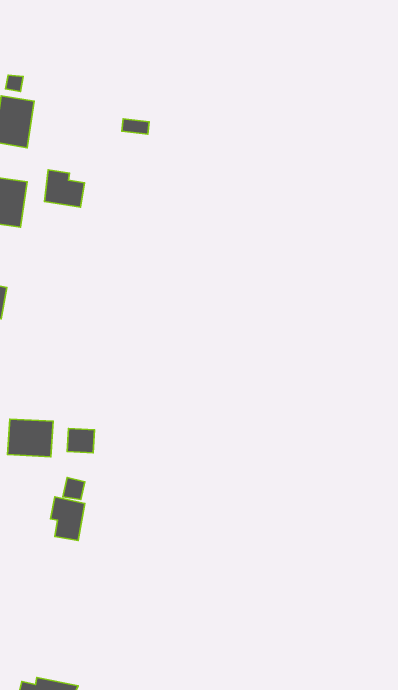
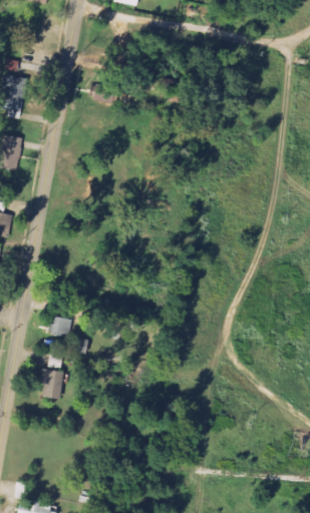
building: [45,170,84,207] -> none
building: [8,419,53,457] -> none

